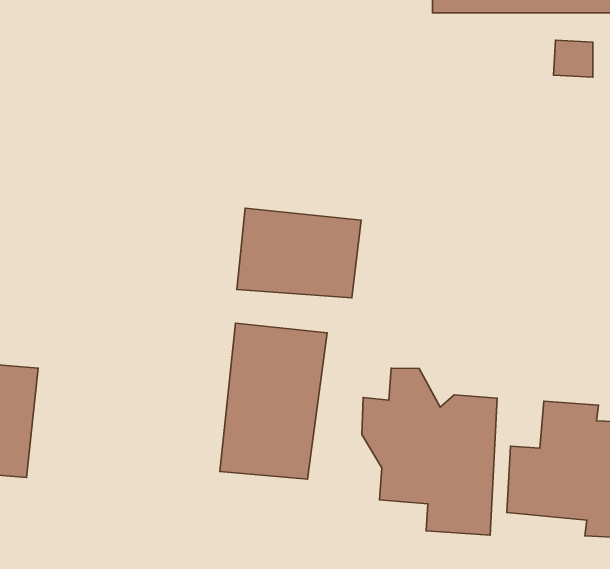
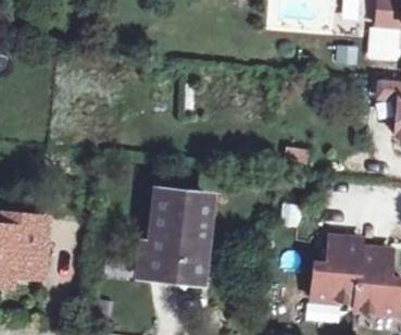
building: [237,208,361,298] -> none
building: [362,368,497,535] -> none

